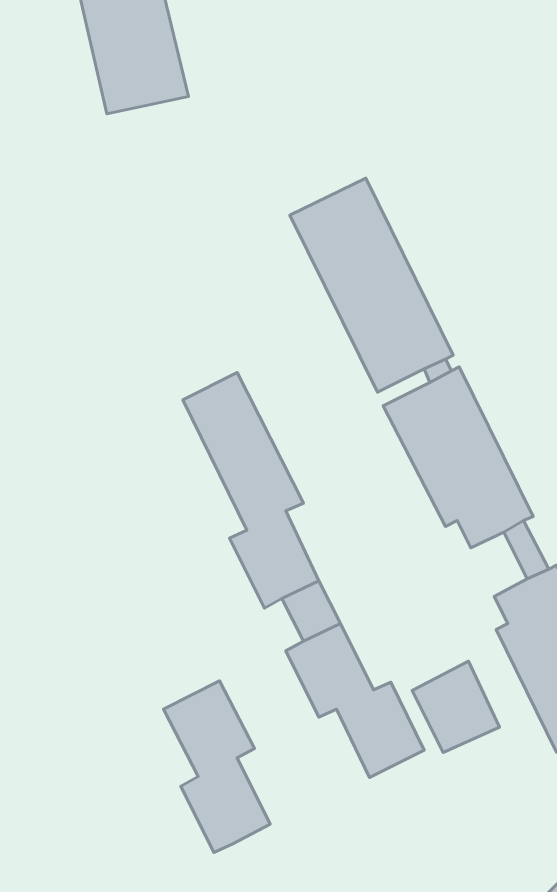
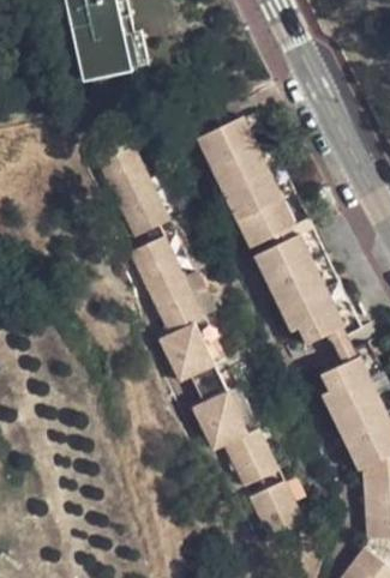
building: none -> [97,142,170,239]
building: [412,661,500,753] -> [251,480,305,536]
building: [163,681,270,852] -> none

